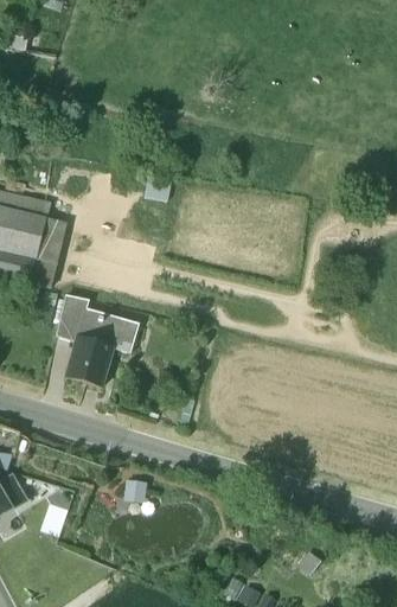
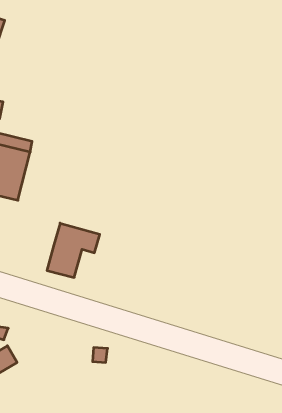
building: [26,215,65,286] -> none
building: [55,293,89,340] -> none

